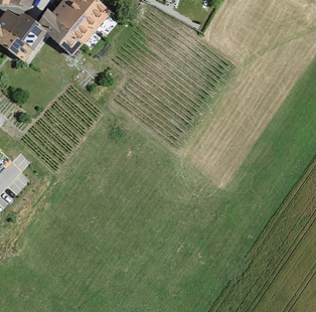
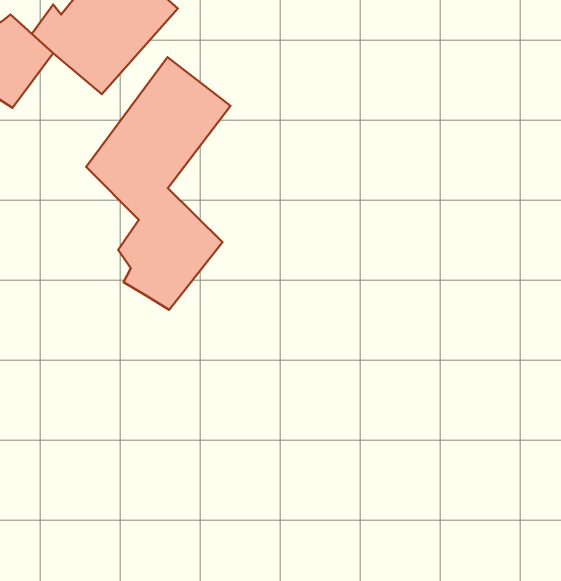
building: none -> [86,57,230,310]

